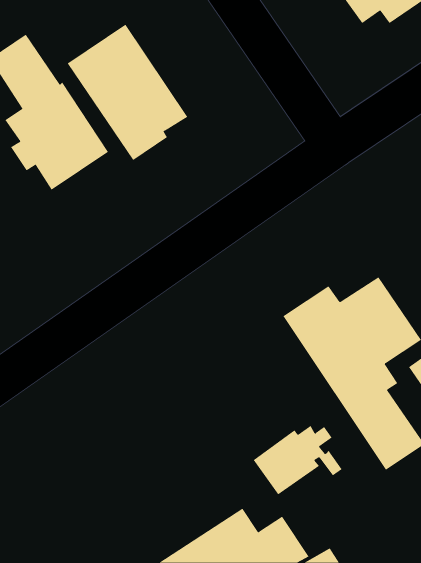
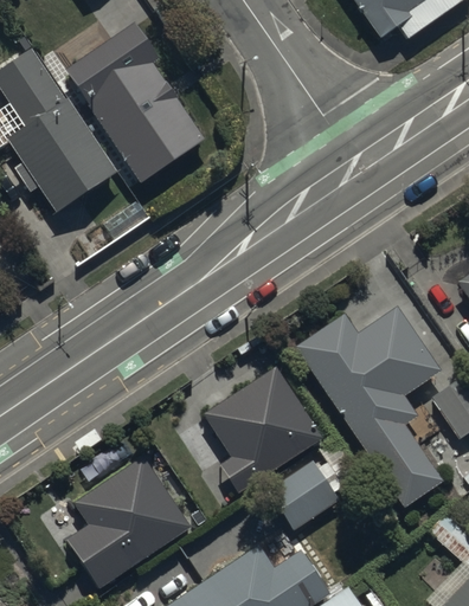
building: none -> [204,365,323,492]
building: none -> [65,452,192,588]

